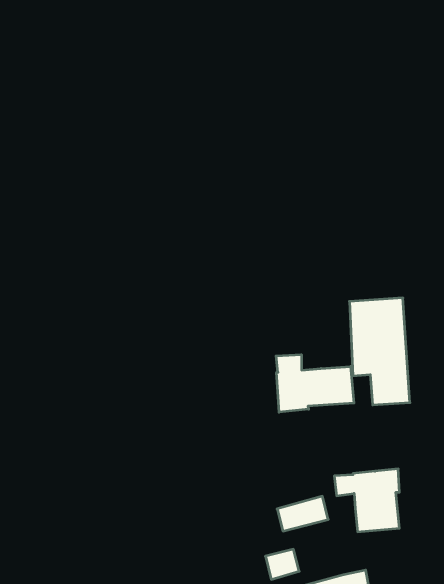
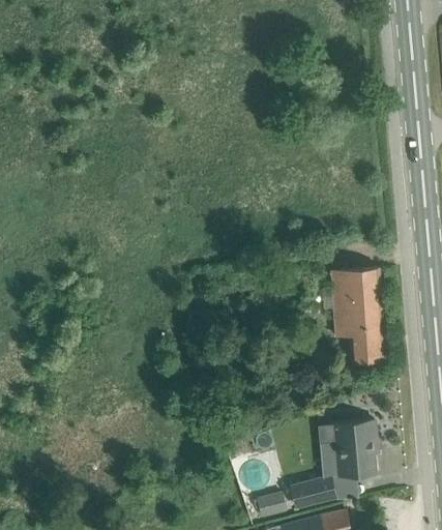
building: [276,355,354,412] -> none
building: [277,496,328,531] -> [291,476,336,507]

